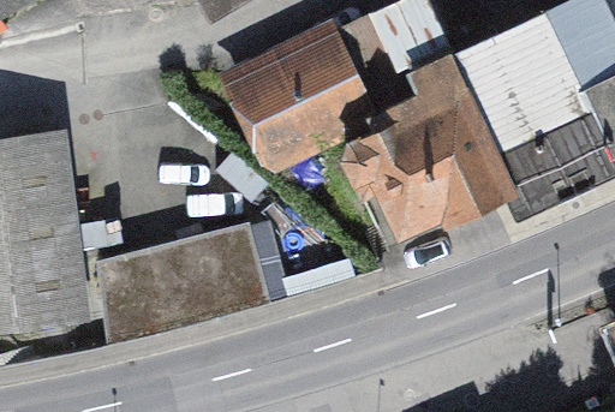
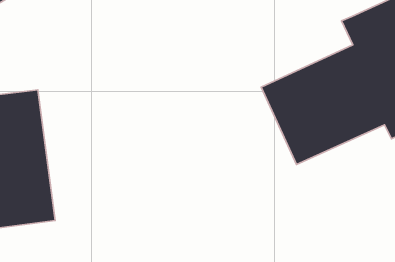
building: [240,30,369,169] -> none
building: [100,225,268,345] -> none

